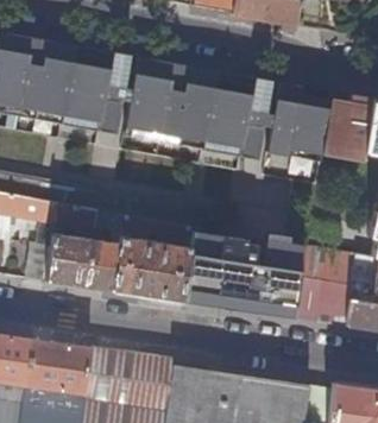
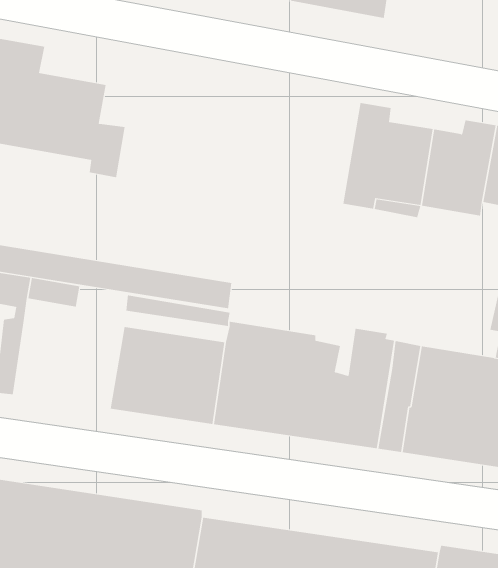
building: [126,57,266,158] -> none
building: [46,233,120,291] -> none

